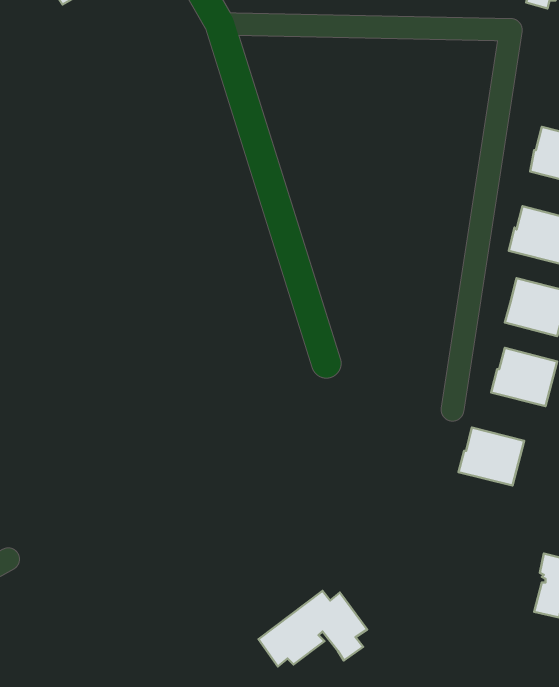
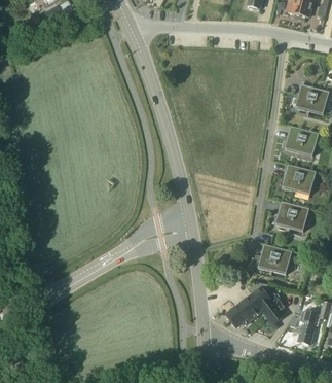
building: [258,591,367,666] -> [226,287,284,327]

